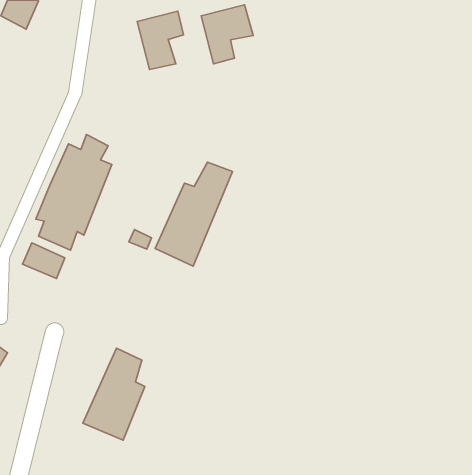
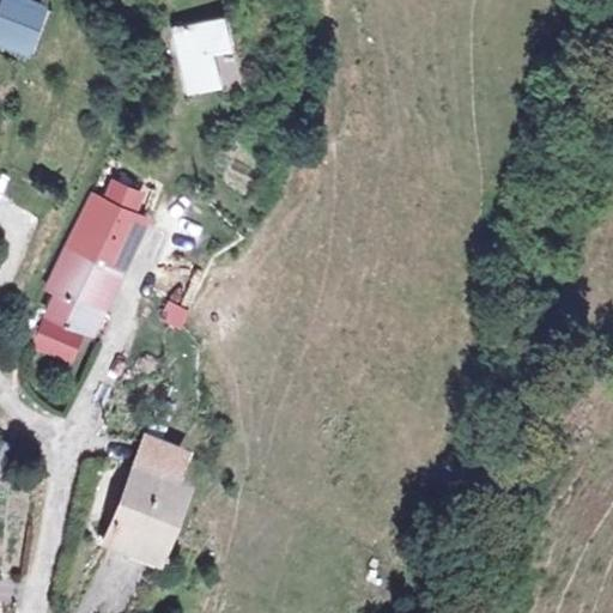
building: [201,5,253,64] -> none
building: [155,162,233,266] -> none

